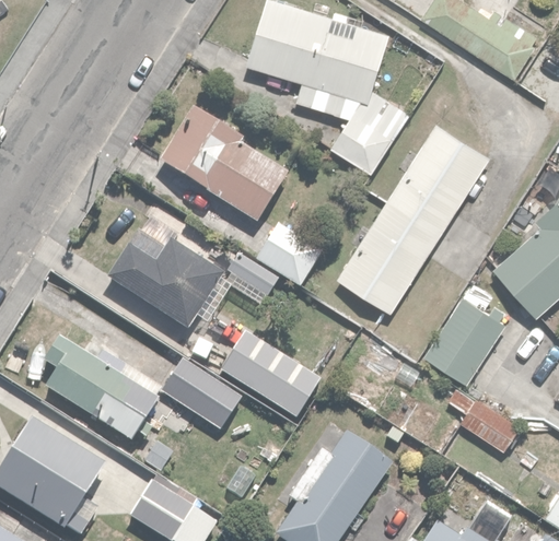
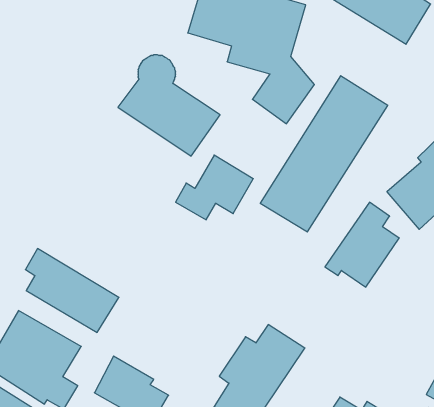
building: [106,225,236,338] -> none
building: [219,330,326,419] -> none
building: [162,356,246,431] -> none
building: [446,380,521,448] -> none

